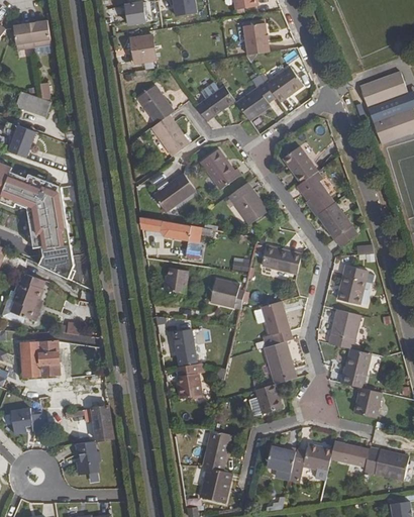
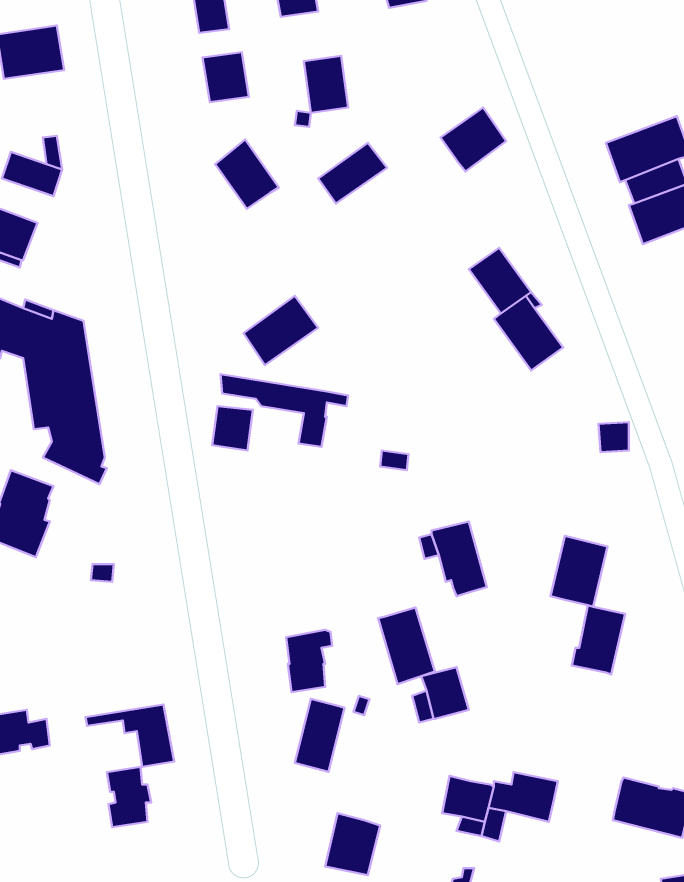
building: [242,22,268,55] -> [304,56,348,113]
building: [235,74,275,119] -> none
building: [150,114,189,156] -> none
building: [199,147,240,189] -> none
building: [227,182,268,224] -> none
building: [316,202,356,246] -> none
building: [261,245,300,274] -> none
building: [336,265,367,304] -> none
building: [164,268,187,293] -> [212,406,253,451]
building: [209,278,244,307] -> none
building: [172,323,193,351] -> none
building: [20,340,59,376] -> none
building: [263,340,295,384] -> [378,608,435,684]
building: [352,387,381,417] -> none
building: [202,429,230,471] -> [295,699,345,772]
building: [329,440,368,466] -> none

